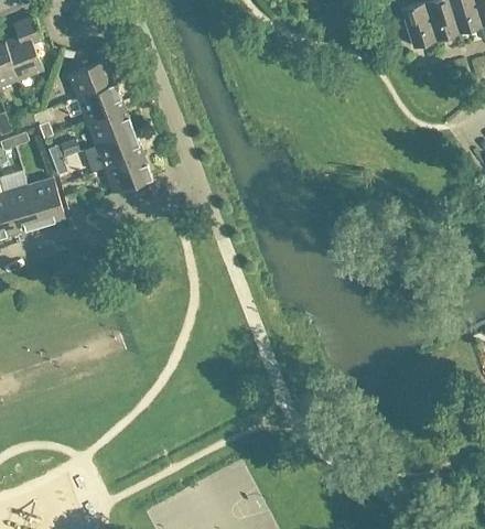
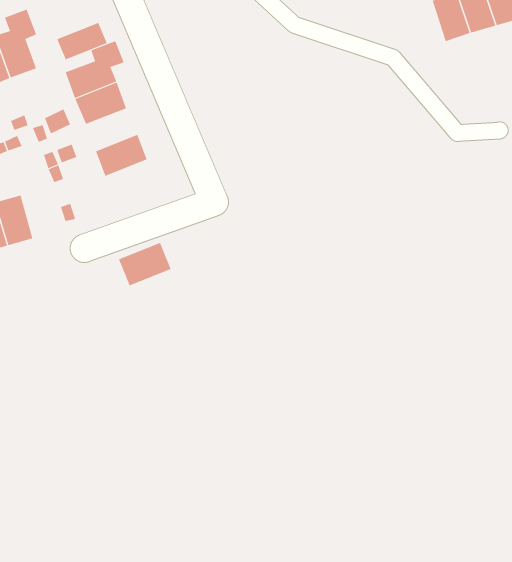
building: none -> [57,22,107,60]
building: [87,107,134,145] -> none
building: [105,153,153,193] -> [118,242,172,286]
building: [29,177,65,225] -> none

